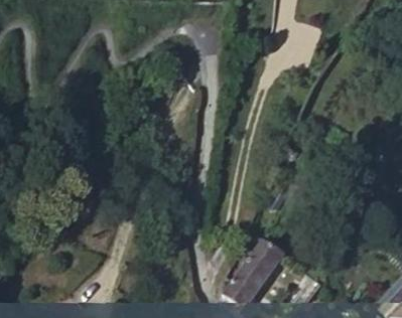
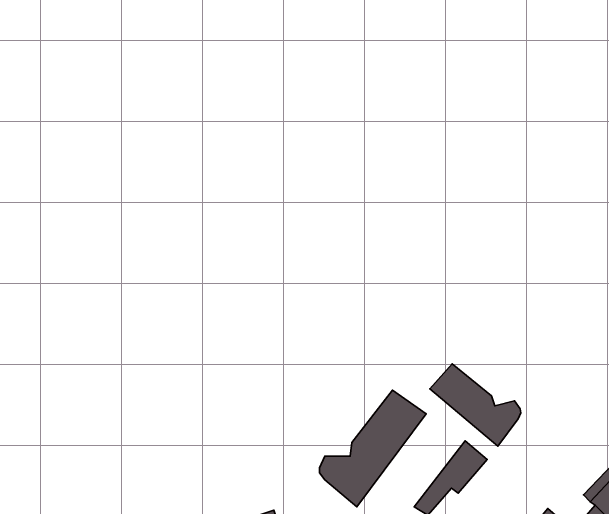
building: none -> [430,364,521,446]

